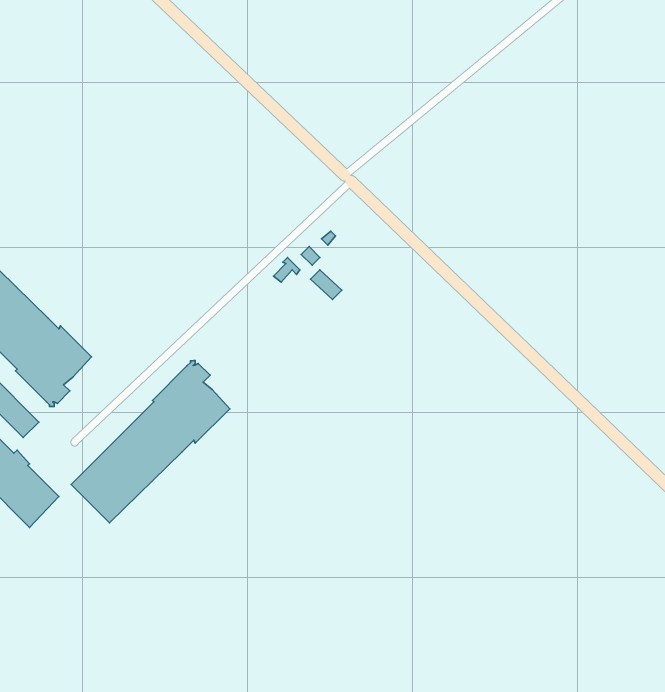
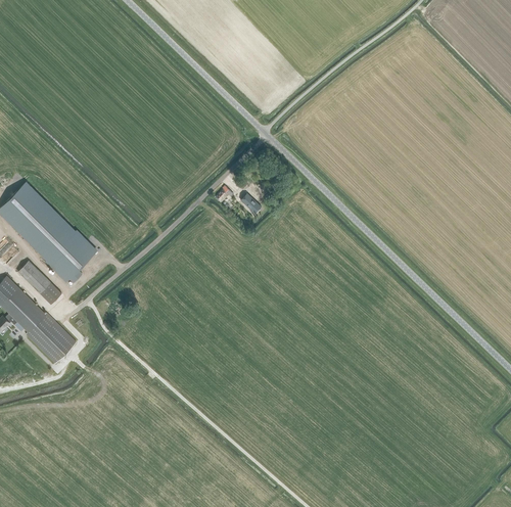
building: [71,360,230,523] -> none

